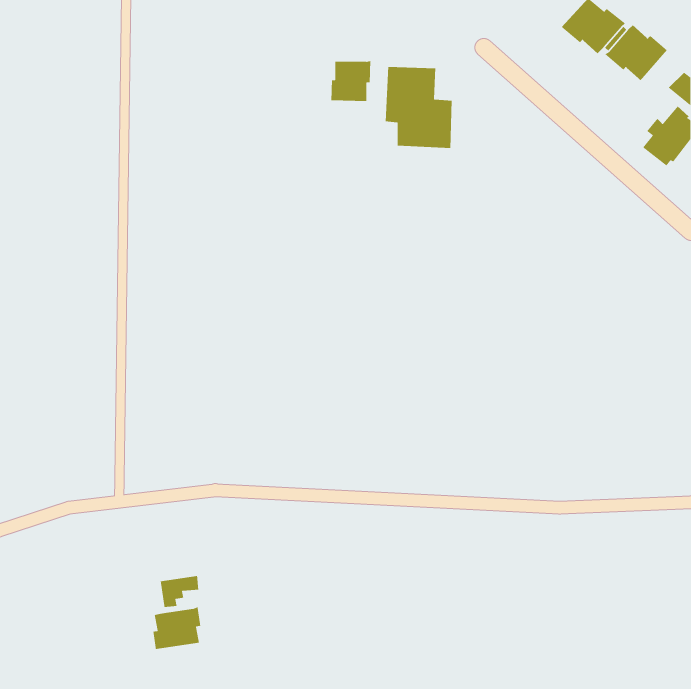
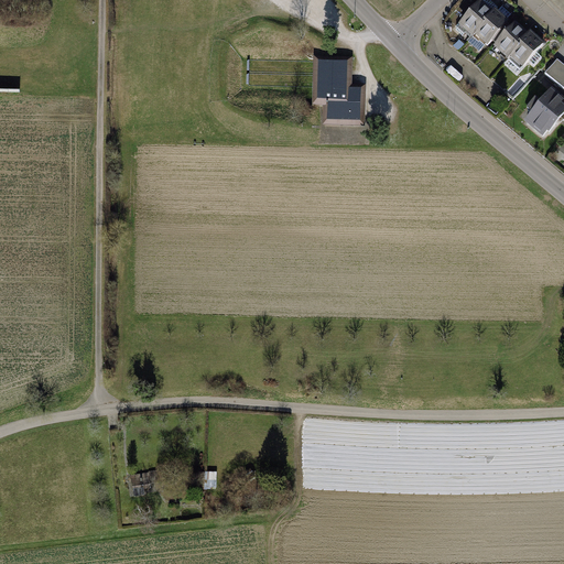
building: [330,60,371,102] -> none
building: [153,606,201,650] -> none

